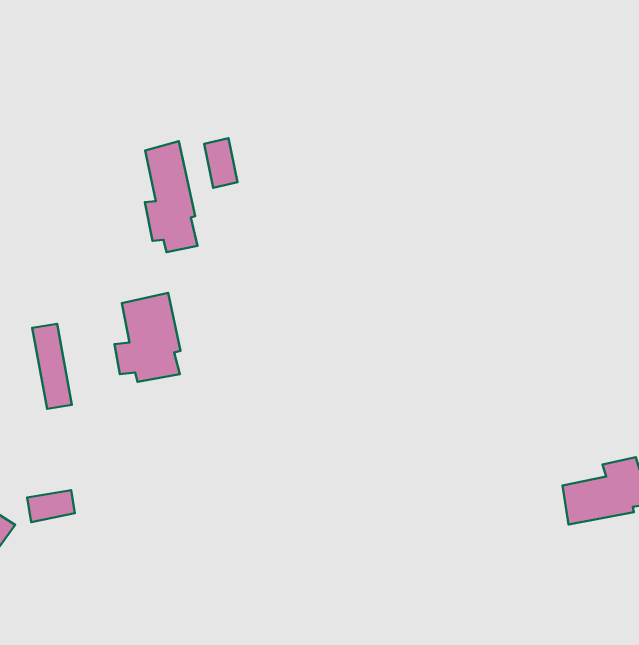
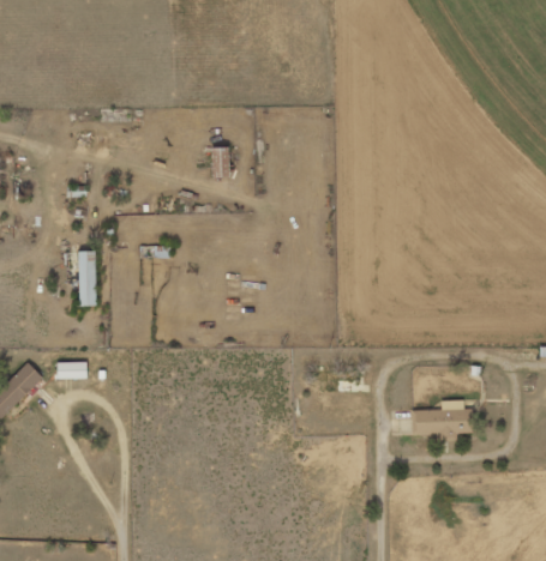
building: [145,141,198,252] -> none
building: [115,293,181,382] -> none

